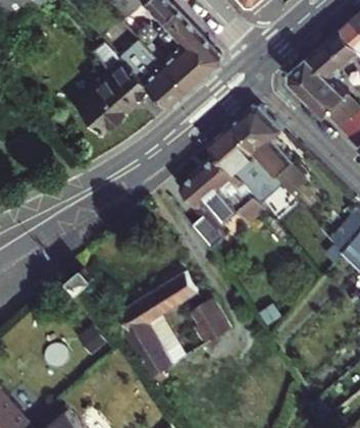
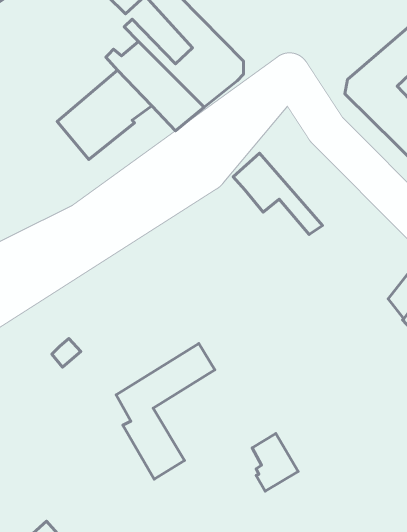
building: [232,106,308,195] -> none
building: [183,154,266,249] -> none
building: [194,300,229,344] -> [252,433,298,491]

